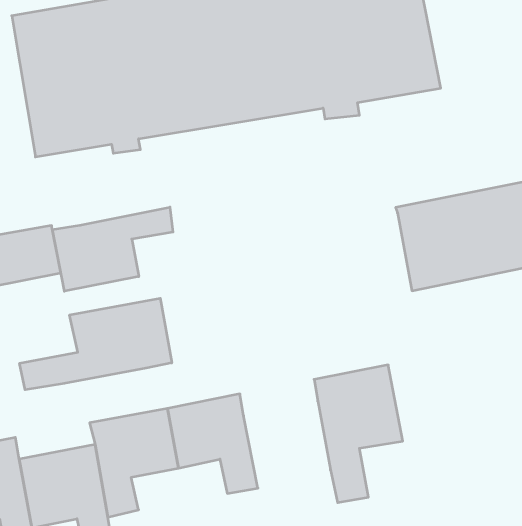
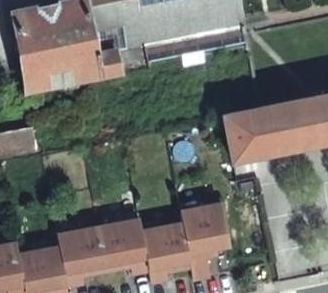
building: [52,207,173,291] -> none
building: [20,298,172,390] -> none
building: none -> [141,223,189,283]

